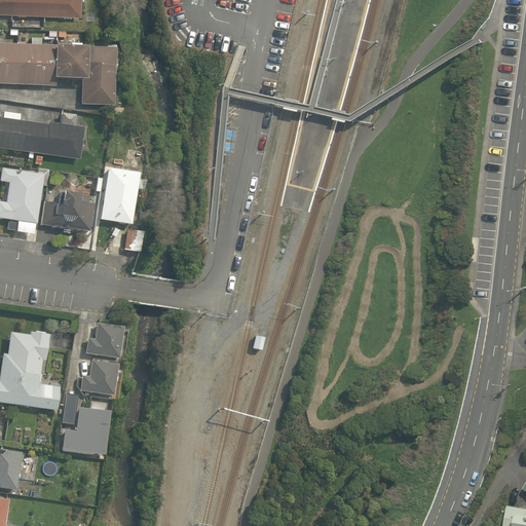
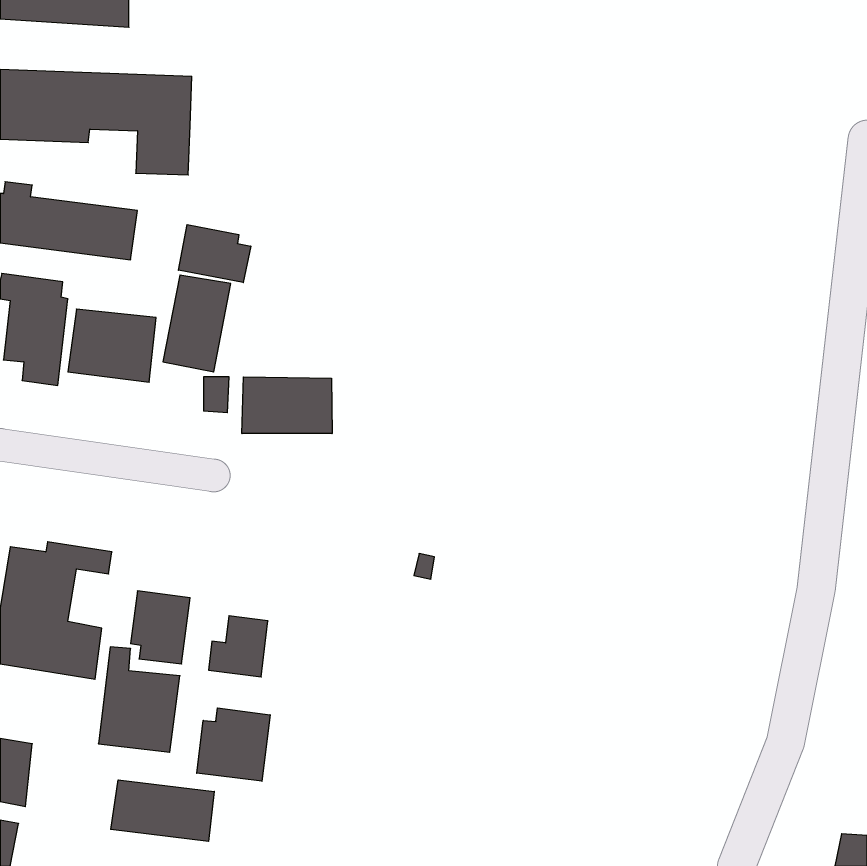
building: none -> [178,225,251,283]
building: none -> [242,377,332,434]
building: [85,322,121,359] -> [209,616,268,677]
building: none -> [197,708,270,781]
building: none -> [111,780,214,841]

